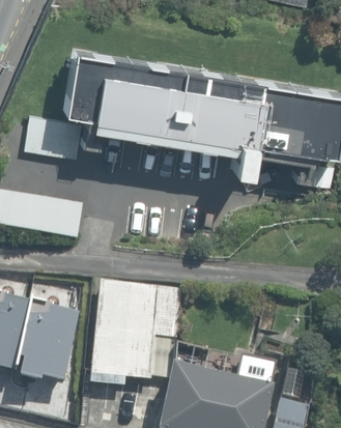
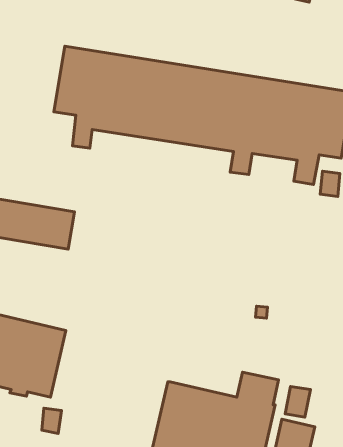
building: [25,116,82,158] -> none
building: [91,282,182,387] -> none

